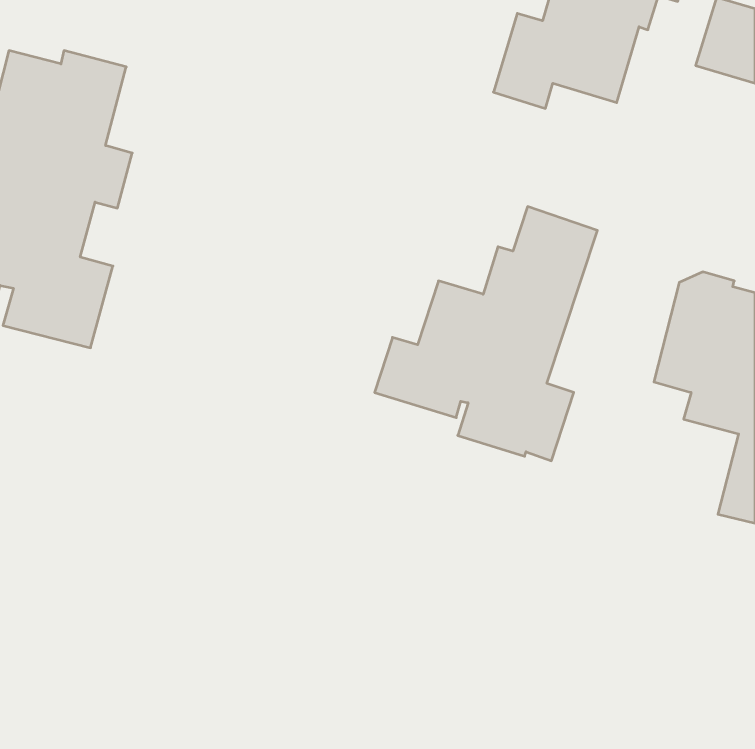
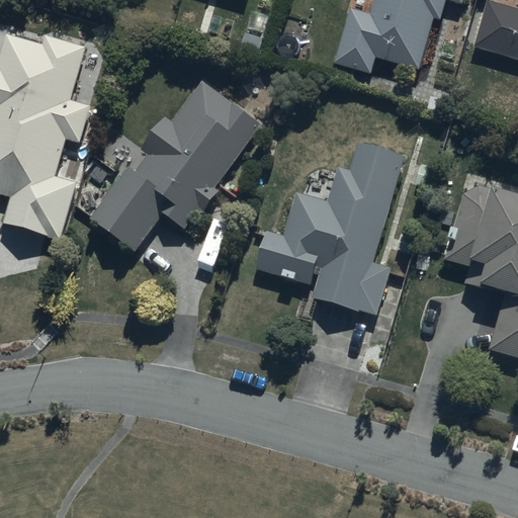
building: none -> [92,79,260,249]

